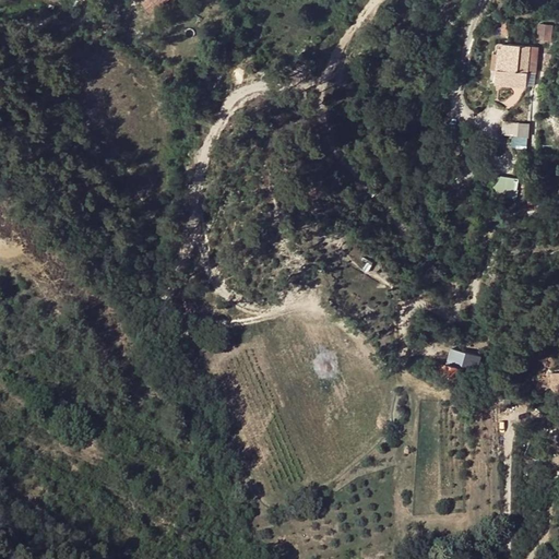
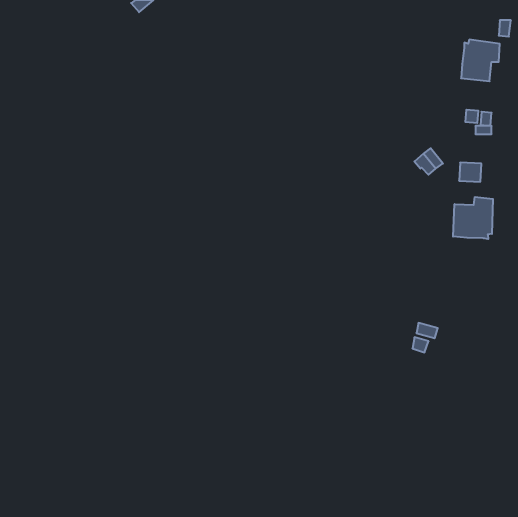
building: none -> [453,197,493,239]

